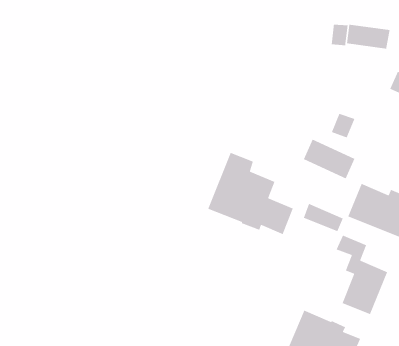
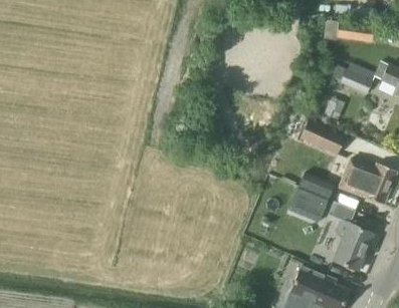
building: none -> [327,62,375,94]
building: [207,152,294,235] -> none
building: none -> [291,189,331,223]

